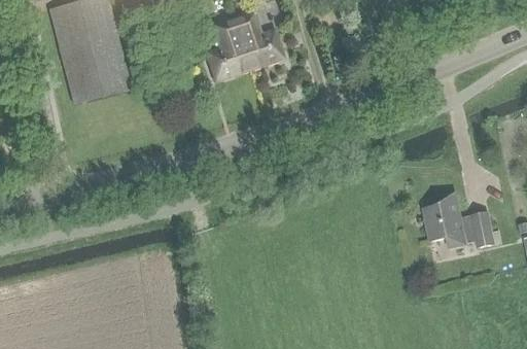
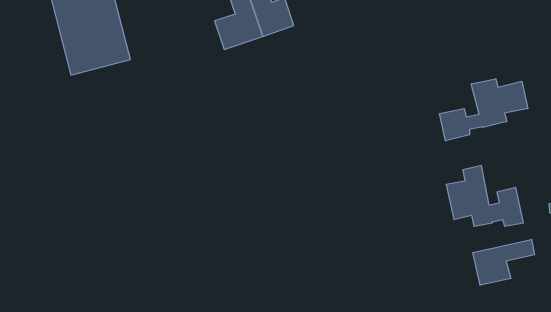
building: none -> [440,79,528,141]
building: none -> [473,239,534,285]

